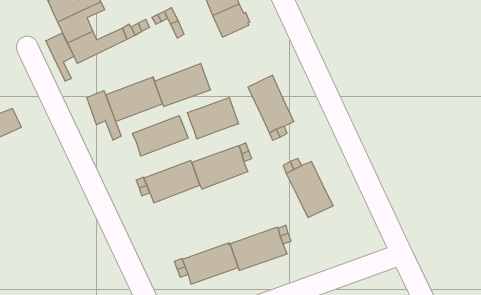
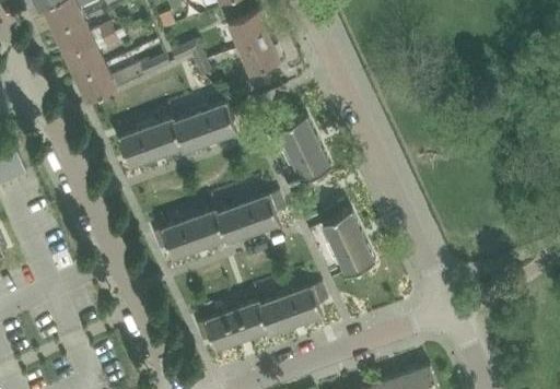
building: [46,33,74,81] -> none
building: [87,91,121,140] -> none
building: [187,97,239,139] -> none
building: [133,116,188,156] -> none

